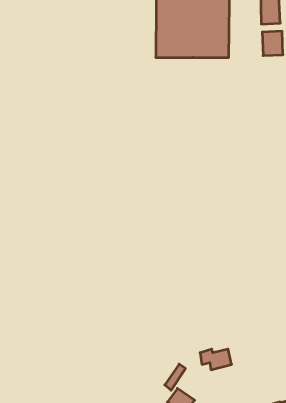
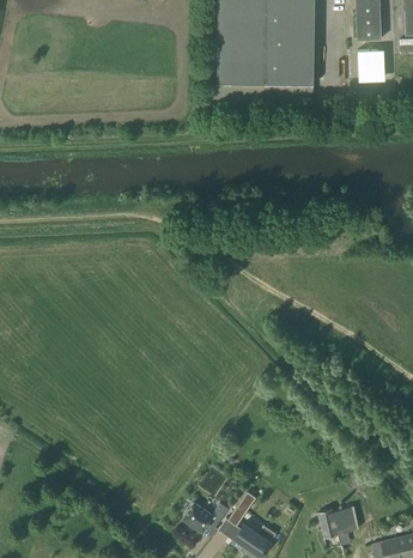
building: [200,349,232,370] -> [317,508,359,535]
building: none -> [183,502,229,533]

